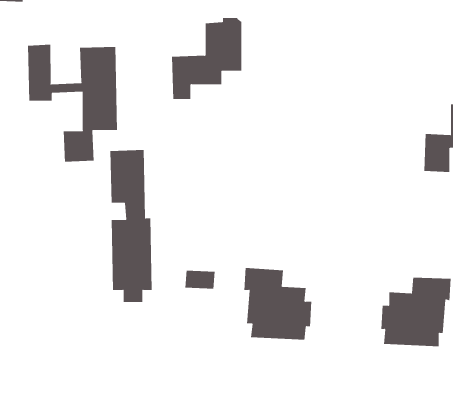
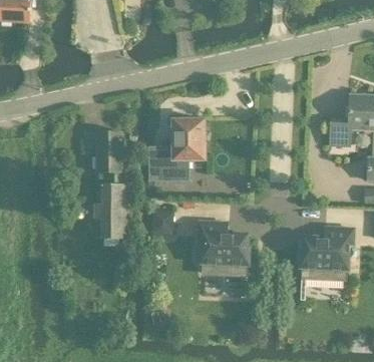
building: [171,18,242,99] -> [149,119,203,180]
building: [27,44,117,162] -> none

